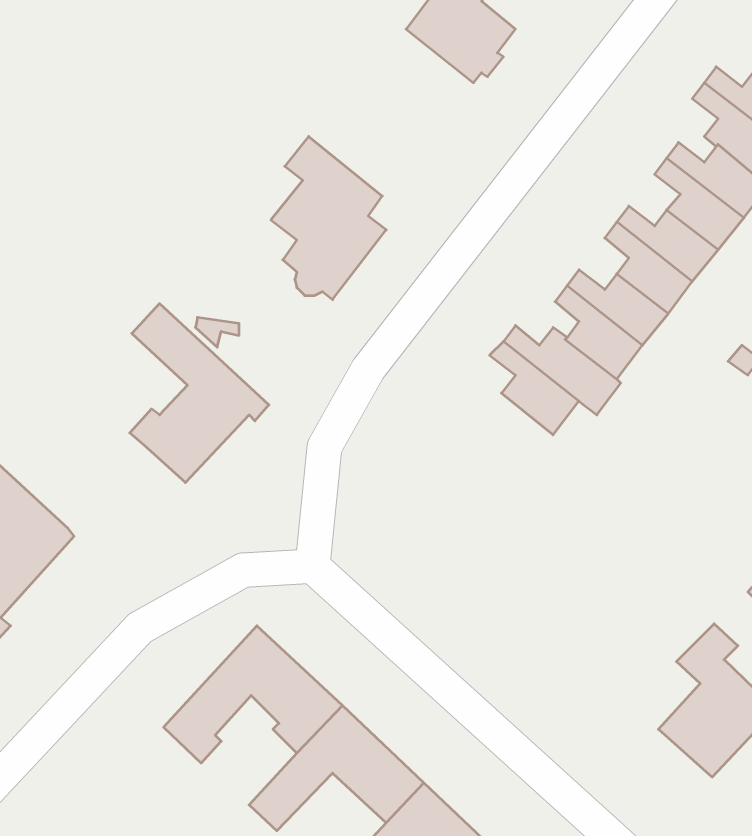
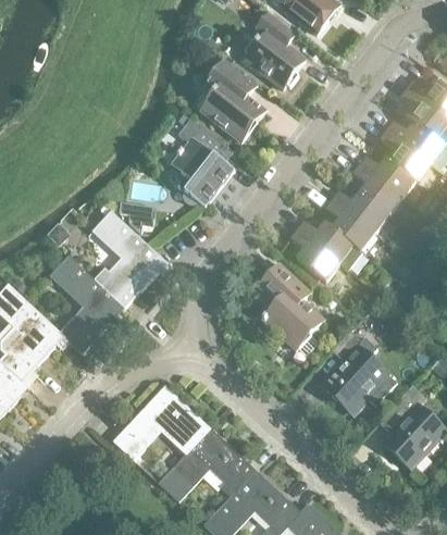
building: none -> [202,62,265,139]
building: none -> [53,257,124,353]
building: none -> [258,263,323,350]
building: none -> [321,331,397,411]

